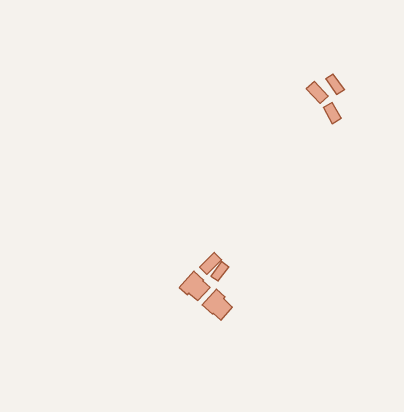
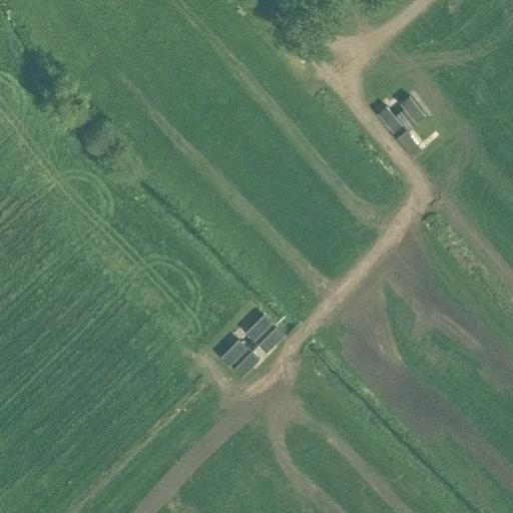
building: [202,289,232,320] -> none

